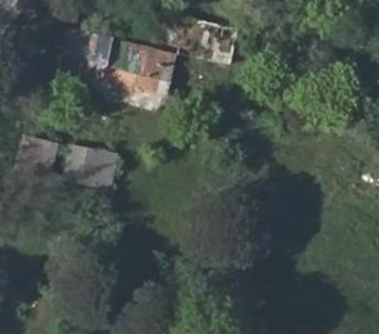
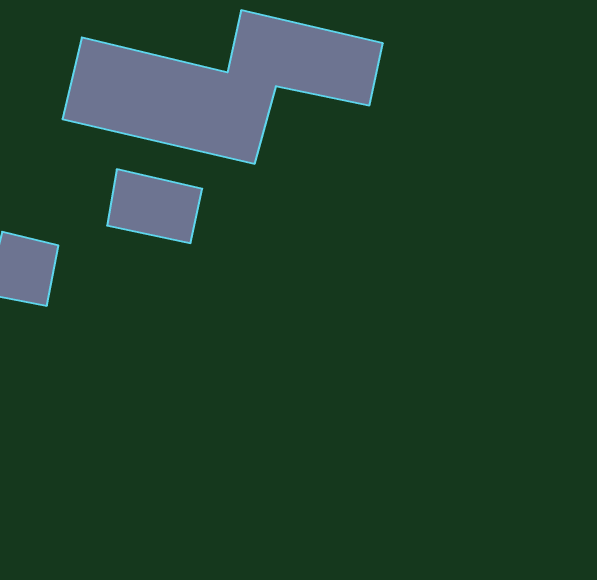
building: [64,146,117,188] -> [107,169,202,243]

